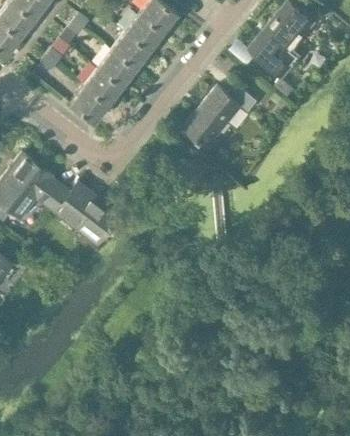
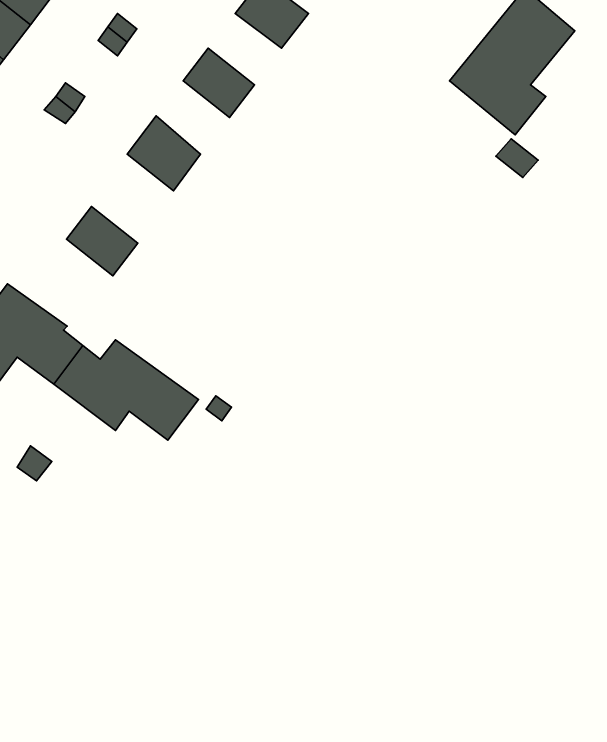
building: [125,14,163,51] -> none
building: [98,49,136,87] -> none
building: [184,85,258,148] -> none
building: [70,87,107,123] -> [66,206,138,276]

